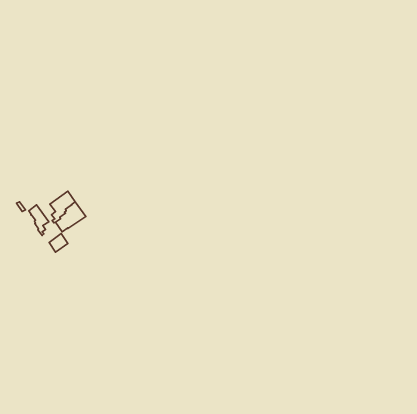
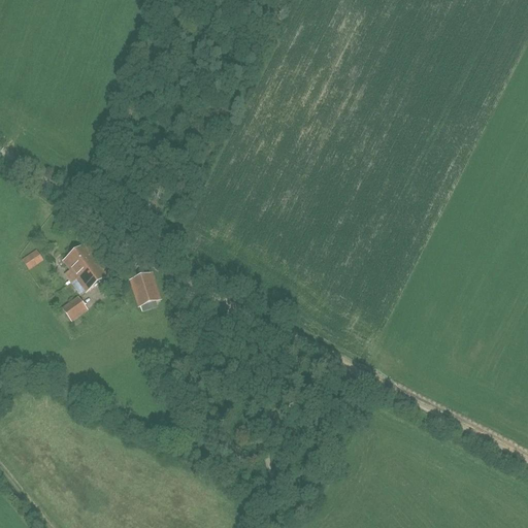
building: [29,205,49,235] -> none
building: none -> [130,271,159,304]

